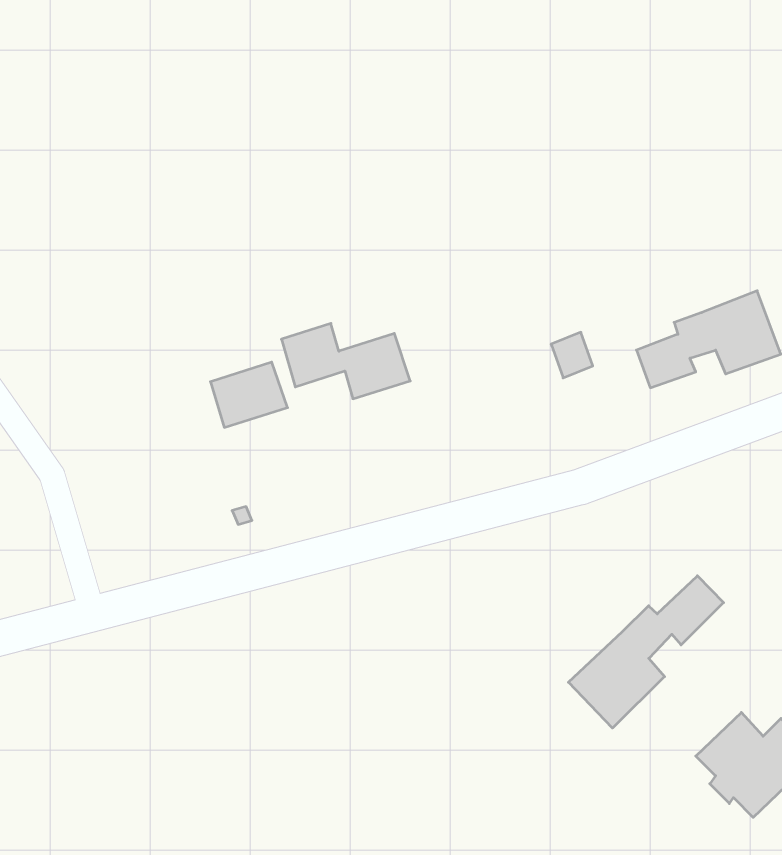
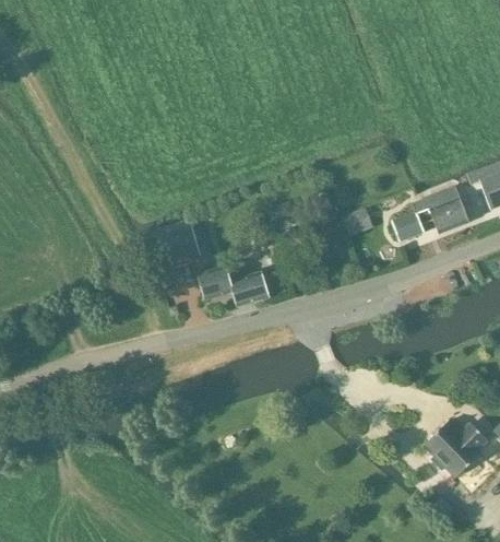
building: [281,323,410,399] -> [198,263,269,305]
building: [568,576,724,728] -> none

